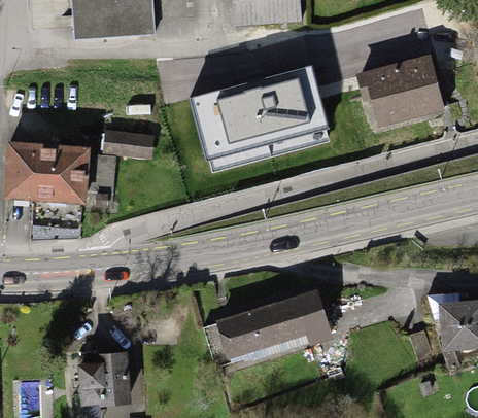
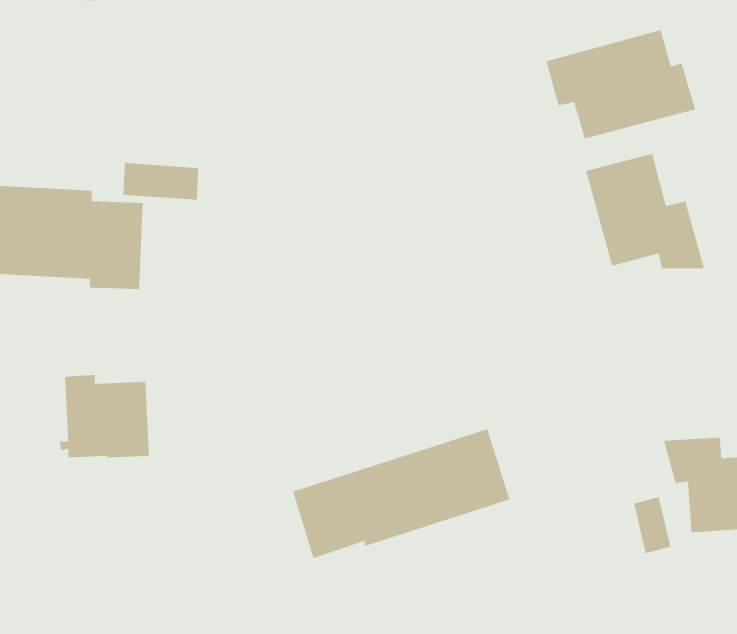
building: [191,67,325,158] -> none
building: none -> [585,153,705,269]
building: [75,351,129,400] -> [59,374,150,458]

